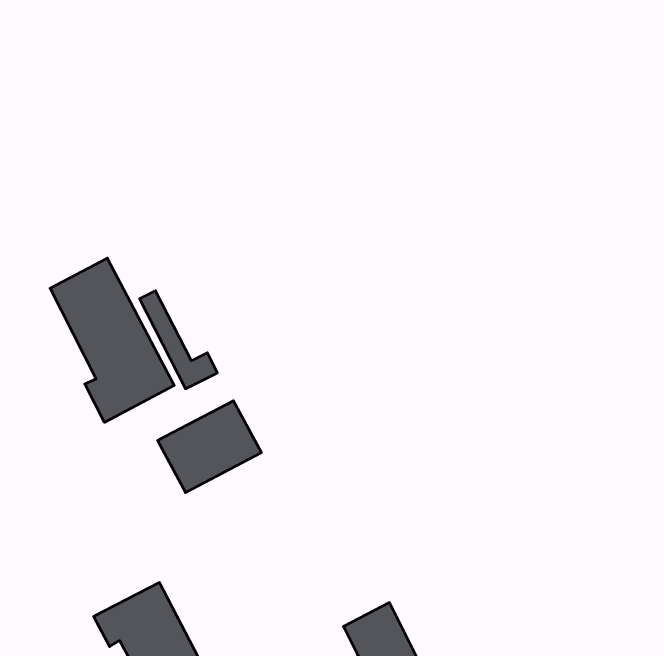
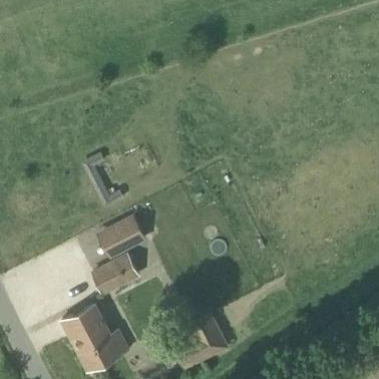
building: [50,258,174,422] -> none
building: none -> [91,256,140,297]

